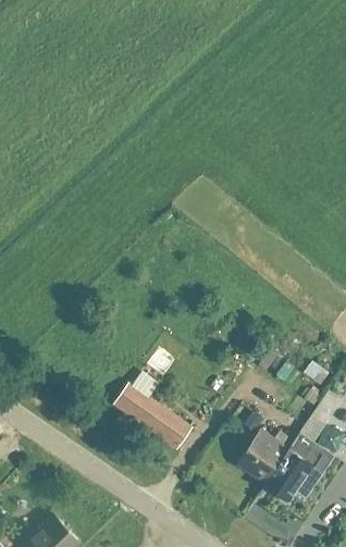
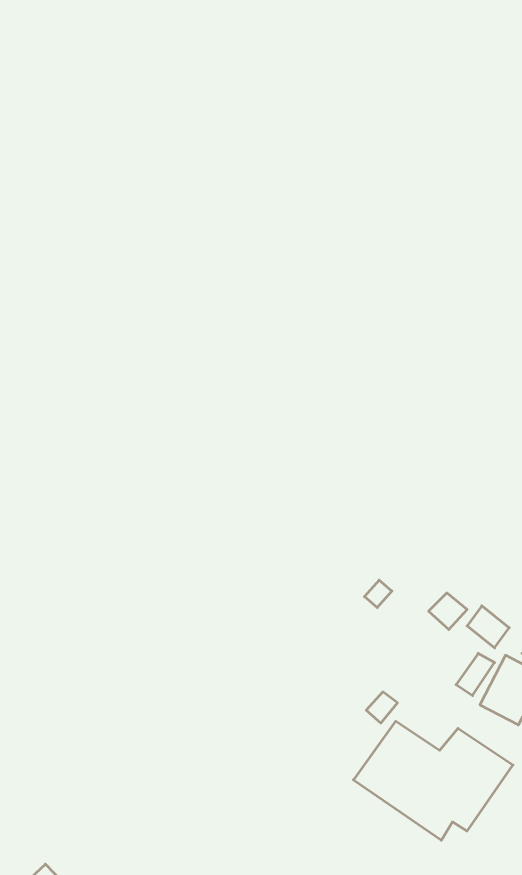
building: [113,385,191,450] -> none

